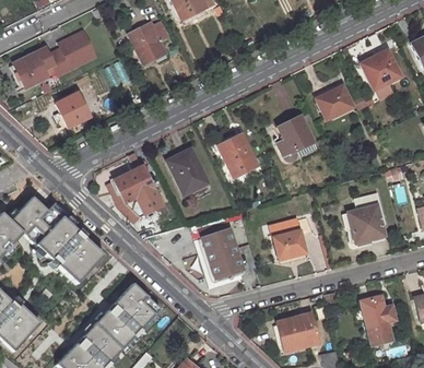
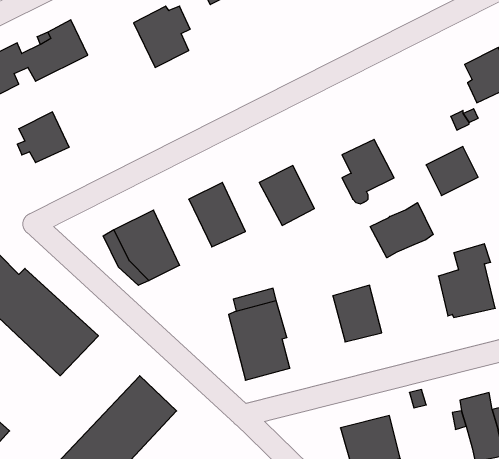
building: [316,85,353,120] -> [426,147,478,196]
building: none -> [370,203,433,258]

